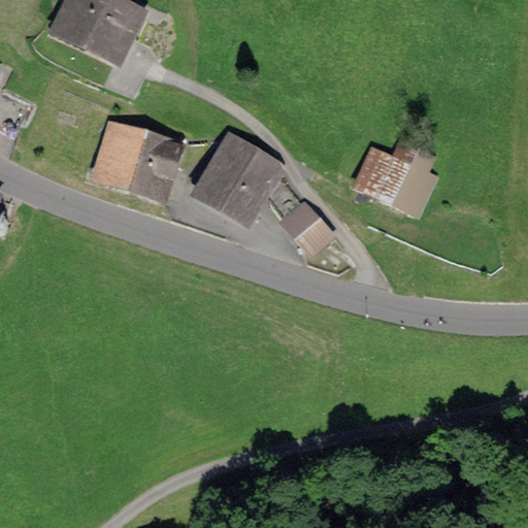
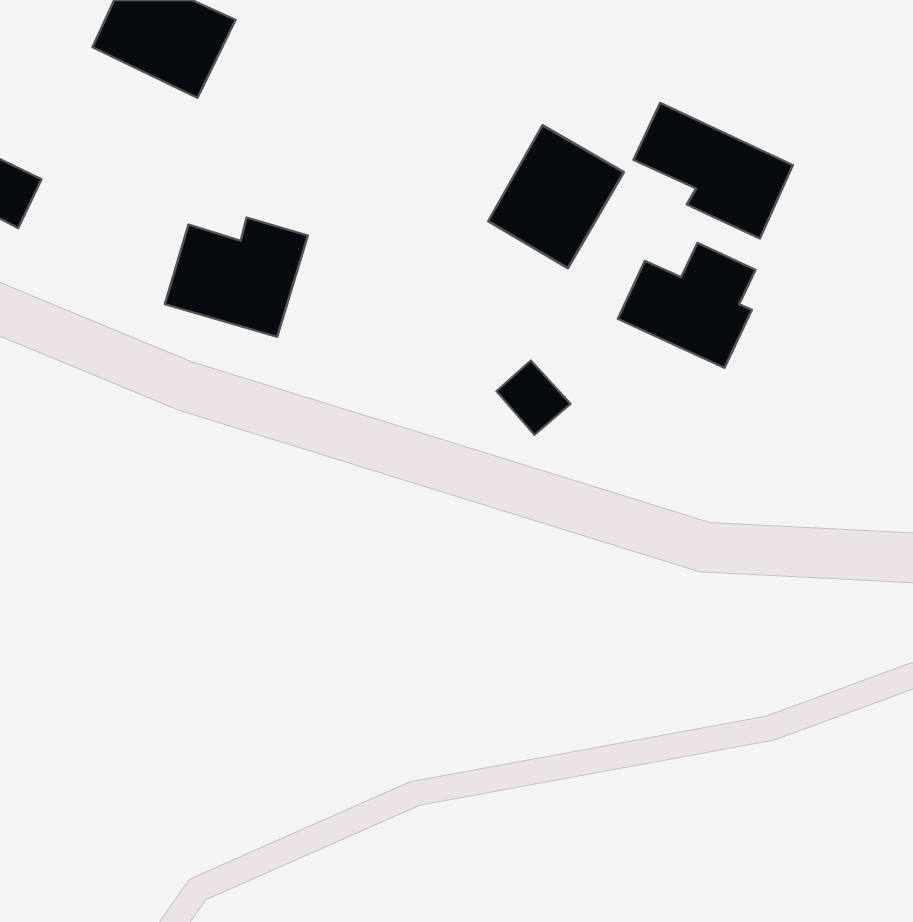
building: none -> [634,103,793,238]
building: [196,138,273,220] -> [488,125,624,268]

